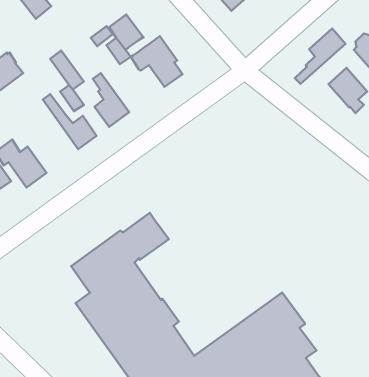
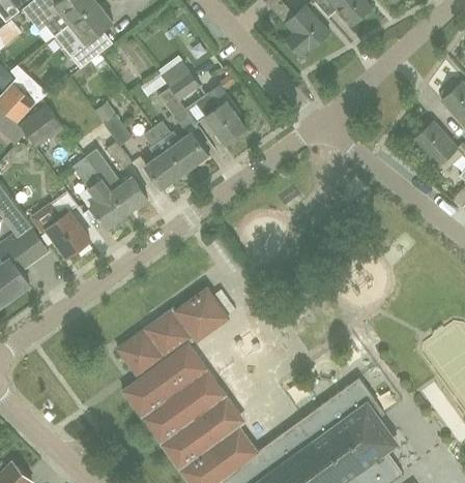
building: [295,29,346,84] -> none
building: none -> [151,121,207,172]
building: none -> [71,157,125,232]

